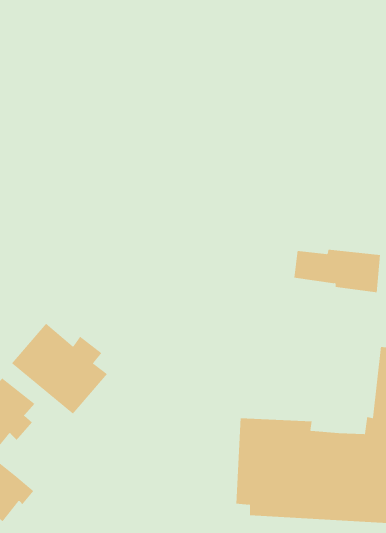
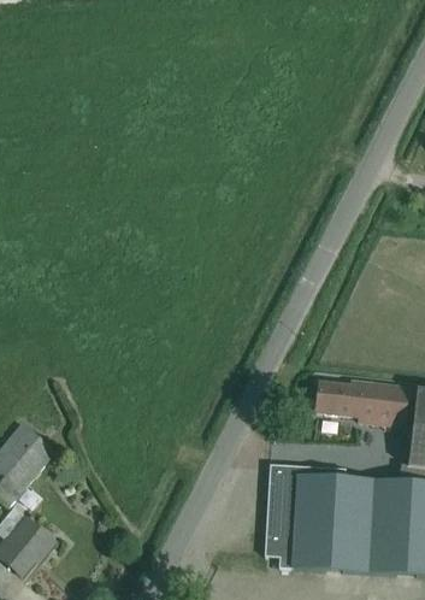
building: [293,249,381,293] -> [315,380,407,425]
building: [11,323,108,415] -> none

